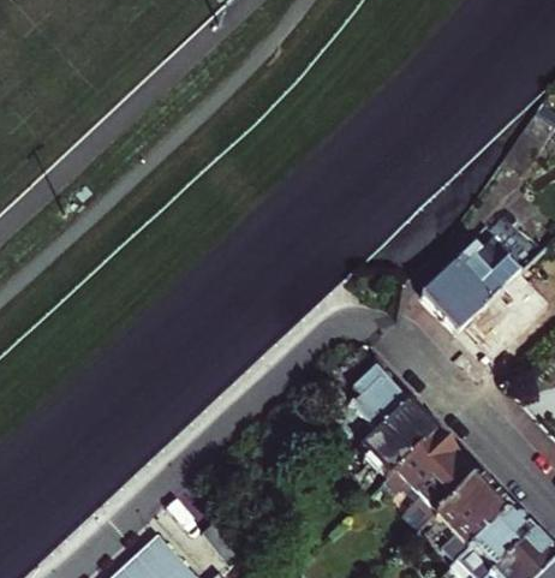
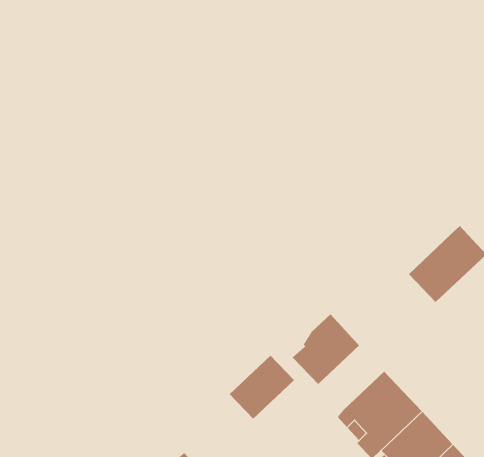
building: [423,239,518,332] -> none
building: [365,404,437,475] -> [229,355,295,420]

